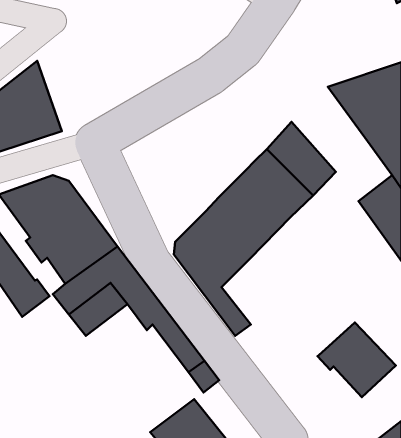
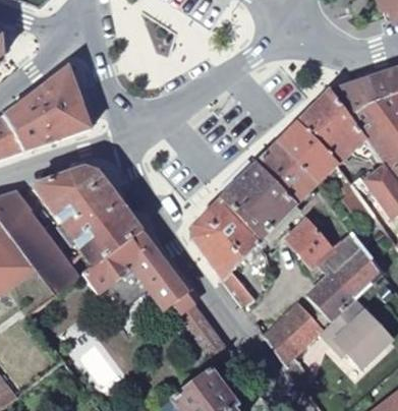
building: none -> [297,90,365,166]
building: none -> [284,219,384,322]
building: none -> [263,303,322,363]

